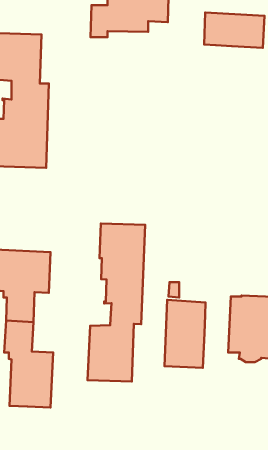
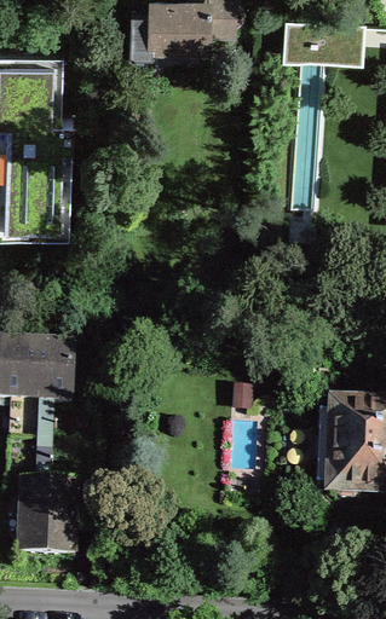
building: [88,223,145,381] -> none
building: [164,300,206,368] -> none

